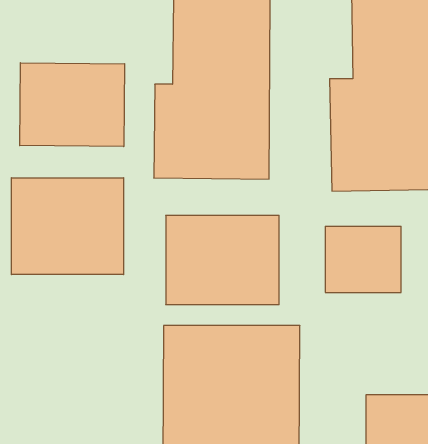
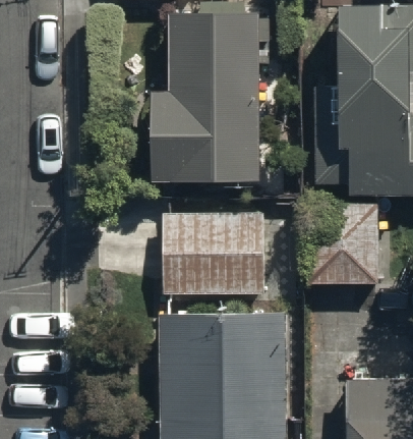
building: [20,63,125,147] -> none
building: [11,178,124,275] -> none

